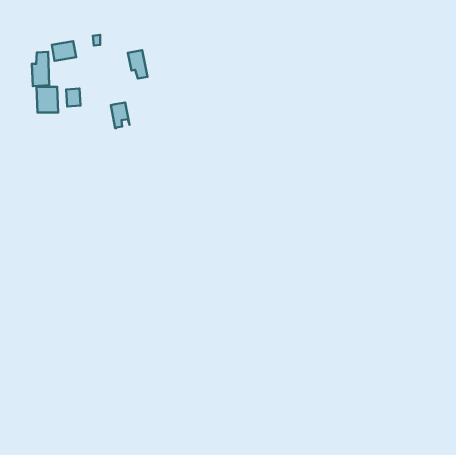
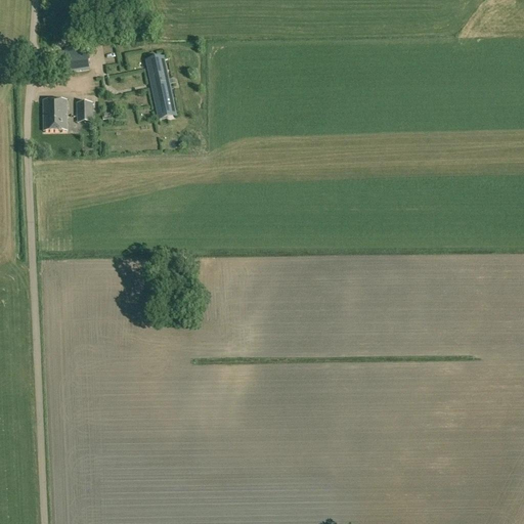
building: [32,52,49,86] -> none
building: [111,102,129,128] -> [152,88,174,118]

